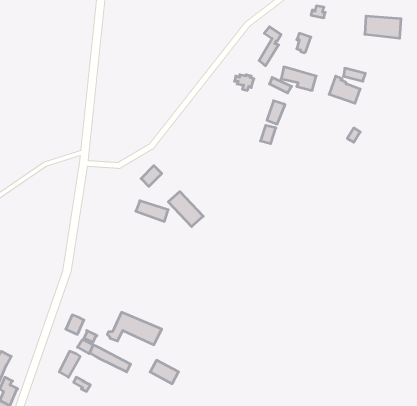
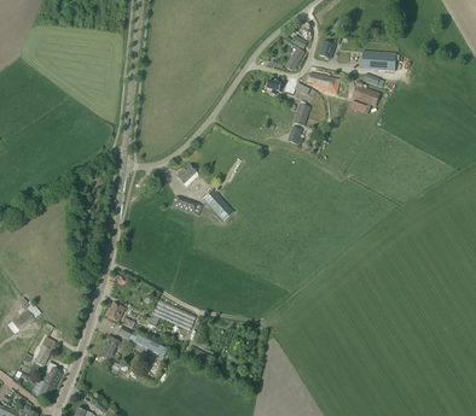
building: [365,16,401,38] -> [360,52,394,72]

